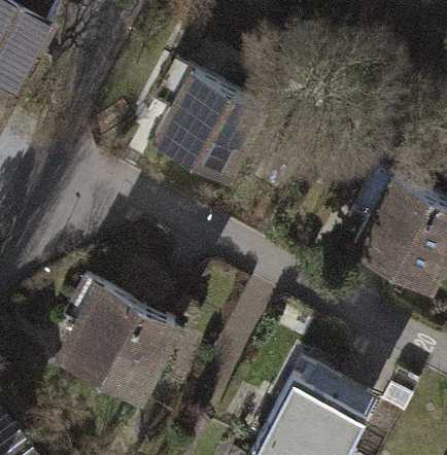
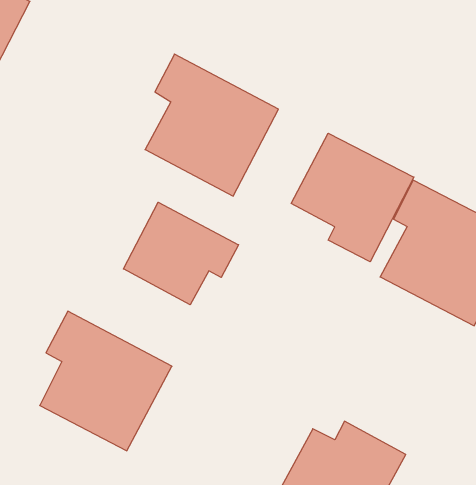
building: none -> [291,133,414,262]
building: none -> [123,202,239,305]

